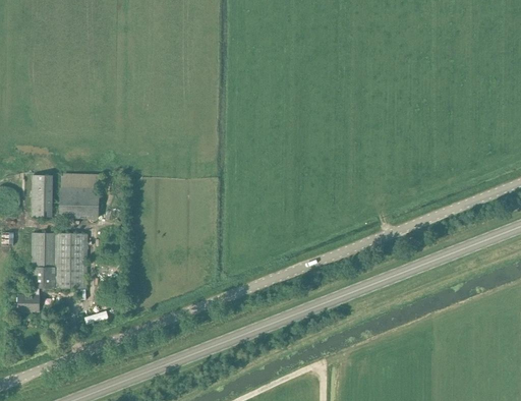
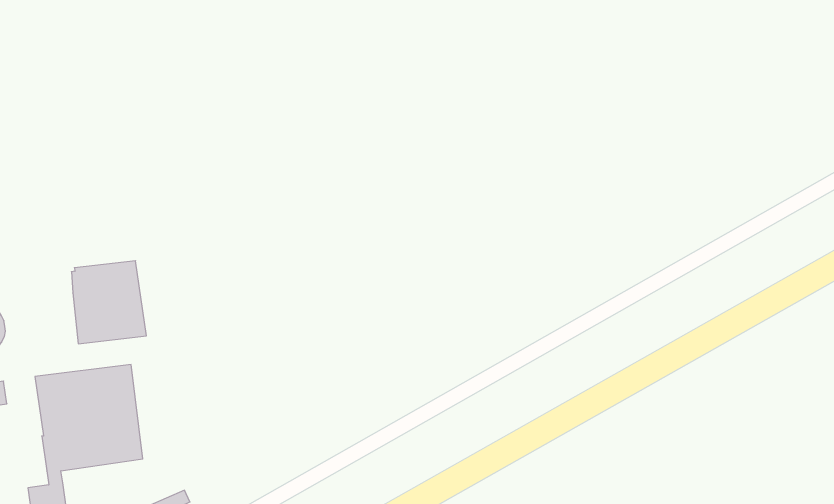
building: [31,175,52,218] -> none

